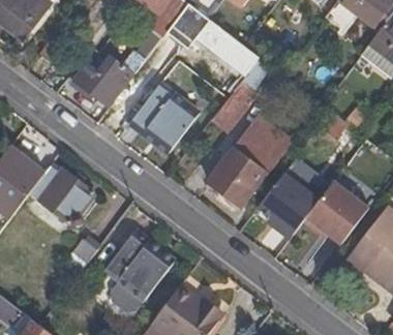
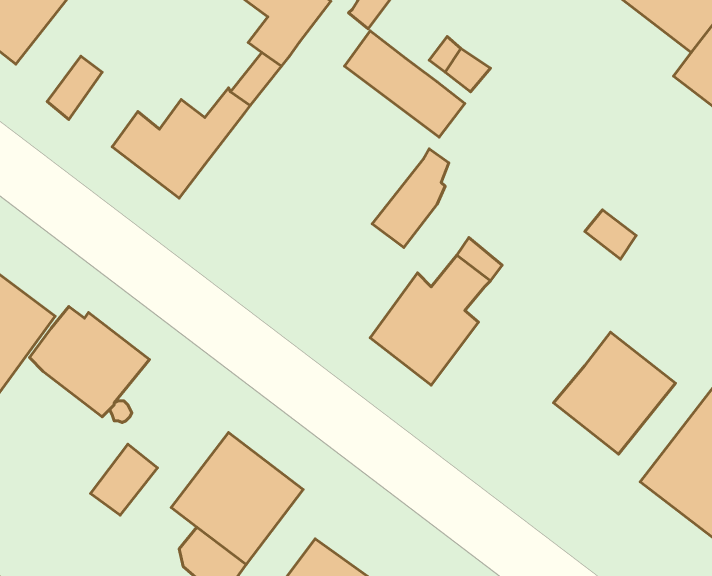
building: [130,84,199,153] -> none
building: [259,169,322,232] -> none

